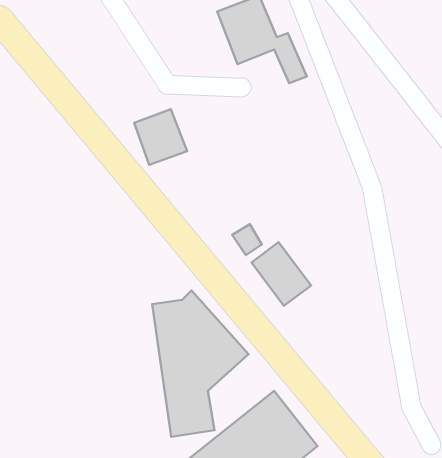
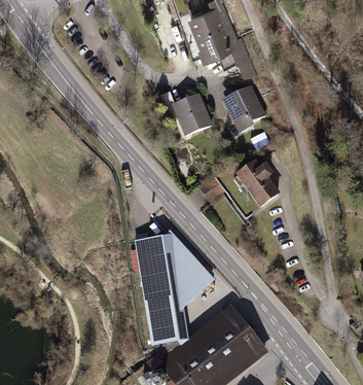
building: none -> [223,86,268,135]
building: [134,109,187,165] -> [172,95,212,137]
building: [251,242,311,306] -> [234,160,280,208]

